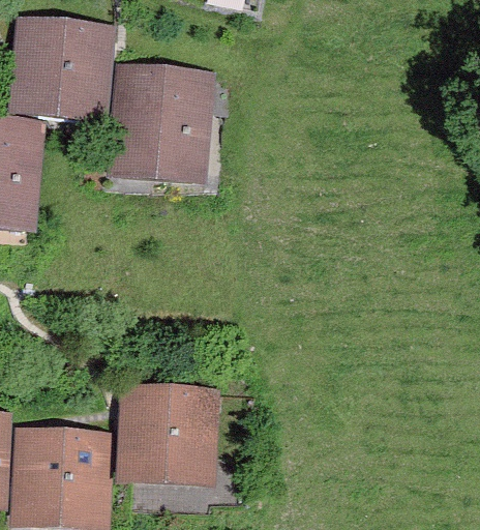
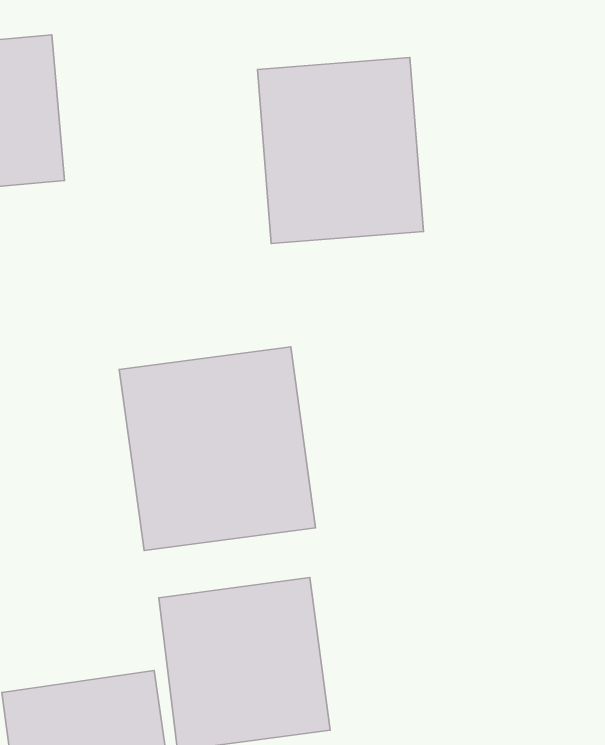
building: [110,67,214,184] -> [257,58,424,243]
building: none -> [119,347,316,551]

